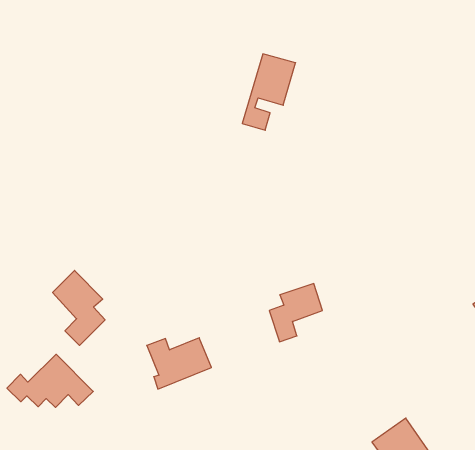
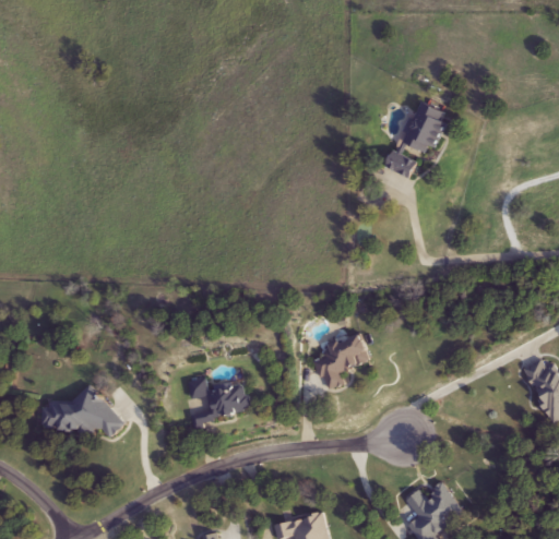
building: [242,54,296,130] -> [386,99,447,178]
building: [53,270,105,345] -> none

